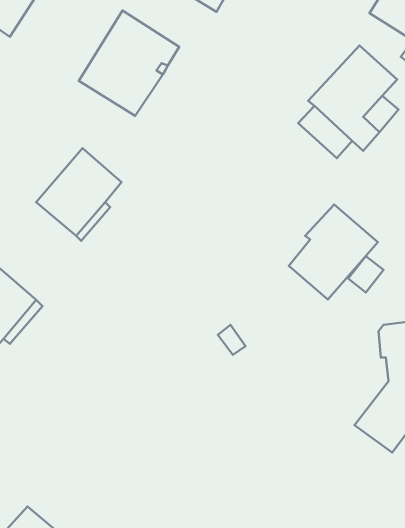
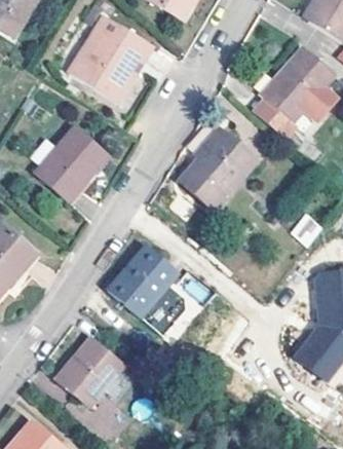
building: [289,204,378,300] -> [181,132,254,210]
building: none -> [107,247,184,335]
building: none -> [55,340,121,407]

